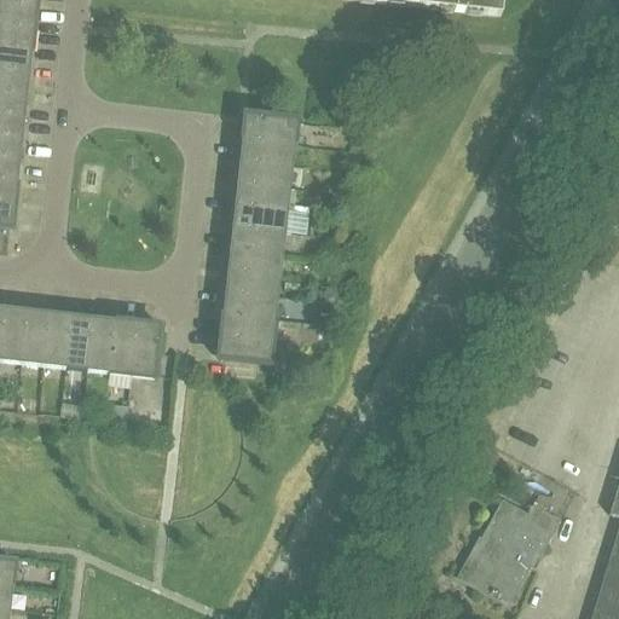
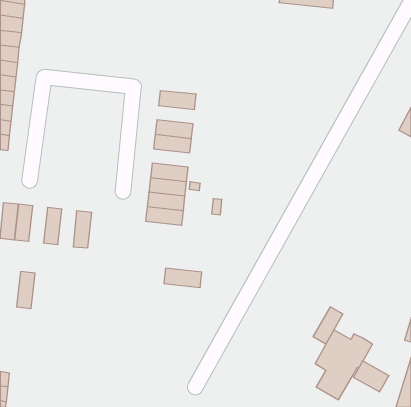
building: [241,112,297,141] -> none
building: [236,158,293,186] -> none
building: [228,224,285,251] -> none
building: [44,310,71,365] -> [17,272,35,309]
building: [87,314,115,371] -> none
building: [132,319,160,376] -> none
building: [216,332,273,361] -> [164,268,202,287]
building: none -> [313,307,343,344]
building: none -> [354,361,389,392]

